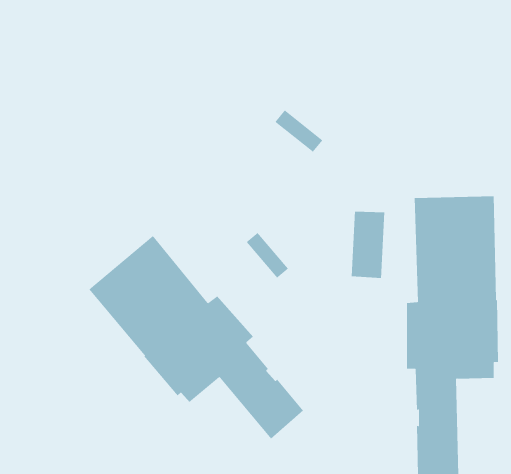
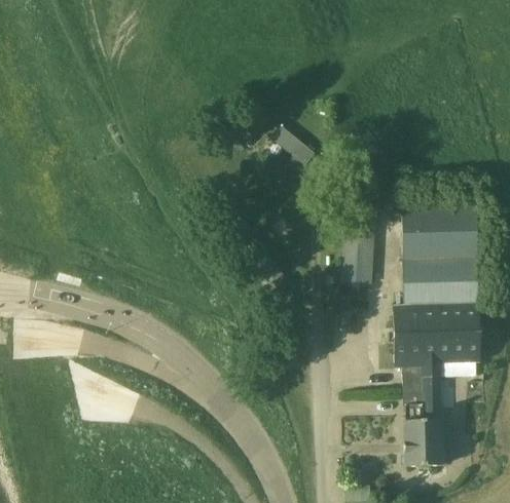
building: [88,235,304,439] -> none

